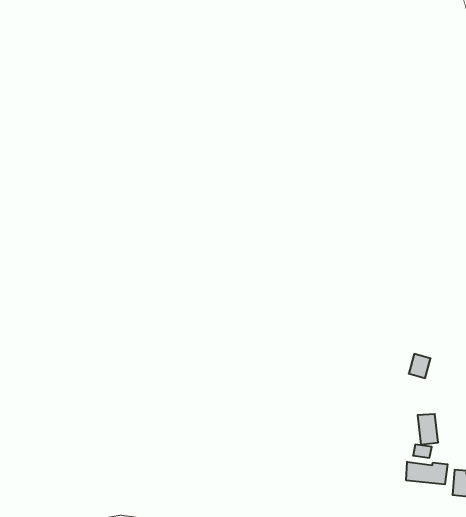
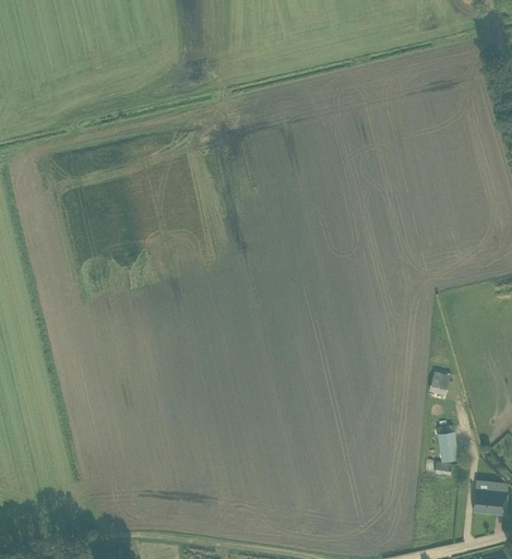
building: [406,462,448,484] -> none

